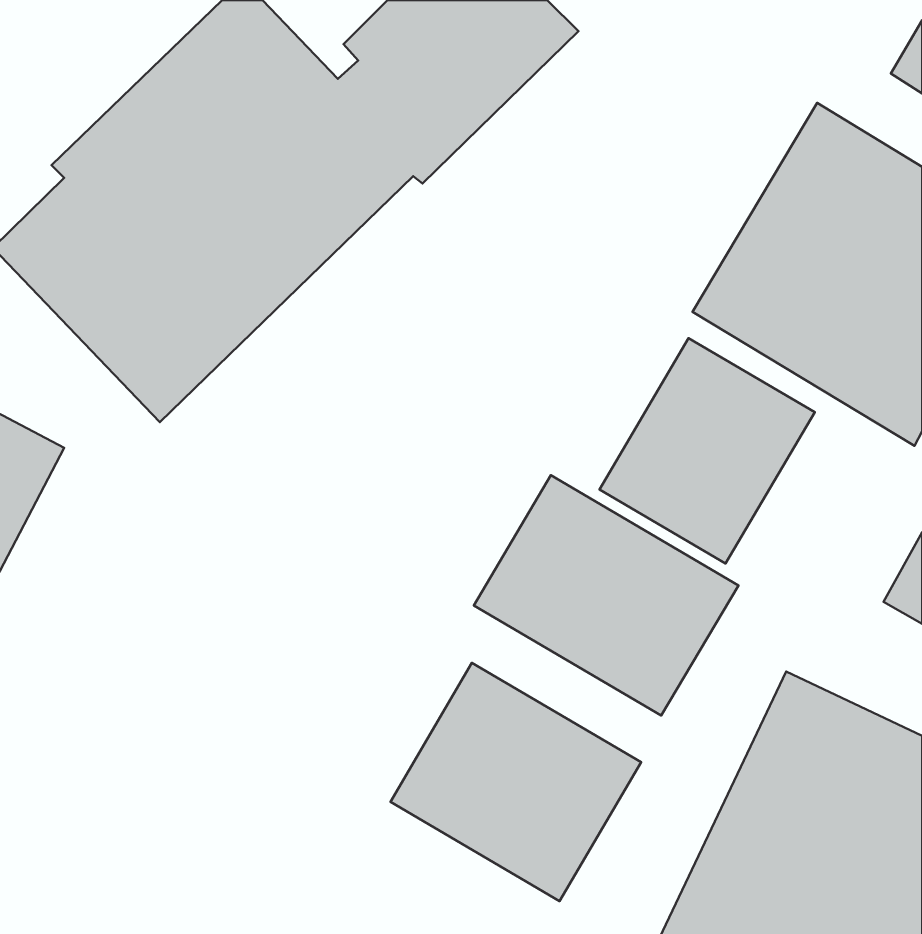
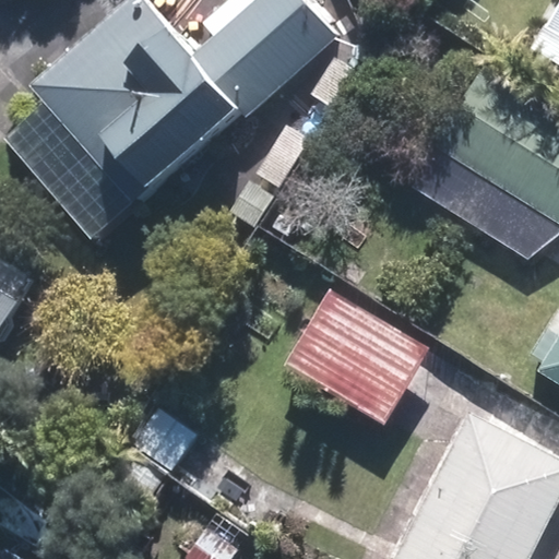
building: [599,338,815,563] -> none
building: [390,663,641,901] -> none

